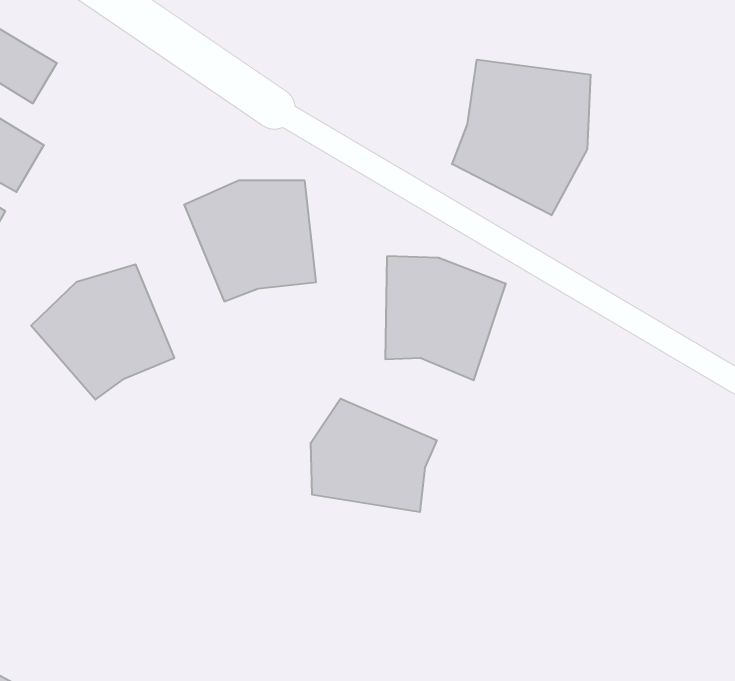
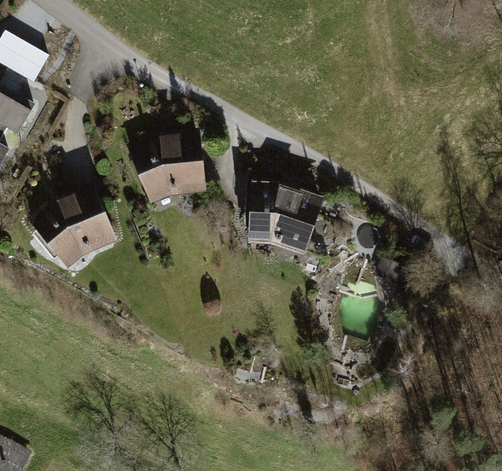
building: [452,60,591,215] -> none
building: [311,399,437,512] -> none

